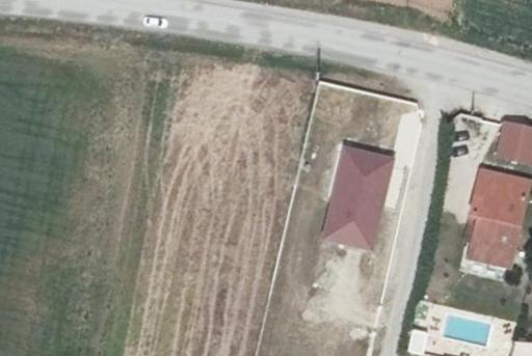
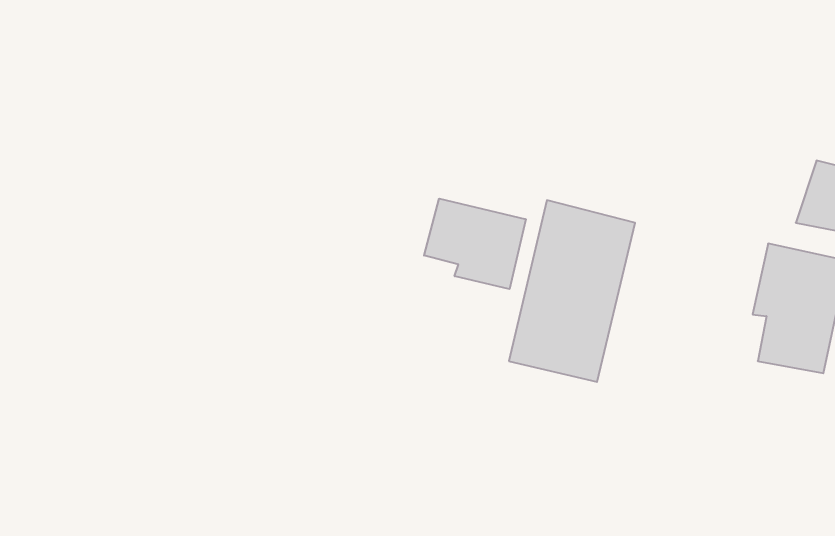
building: none -> [424,199,526,289]
building: [460,213,512,263] -> none

